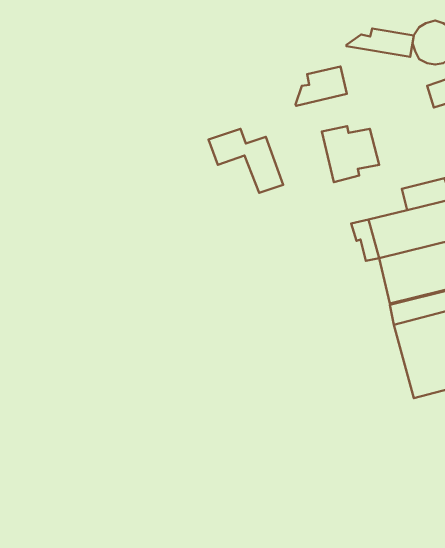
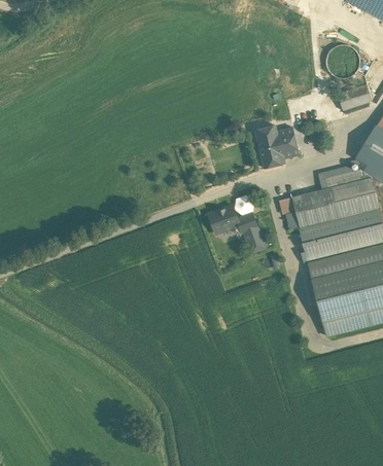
building: [346,29,414,57] -> none
building: [296,66,347,106] -> none
building: [209,129,283,193] -> [208,206,266,255]

